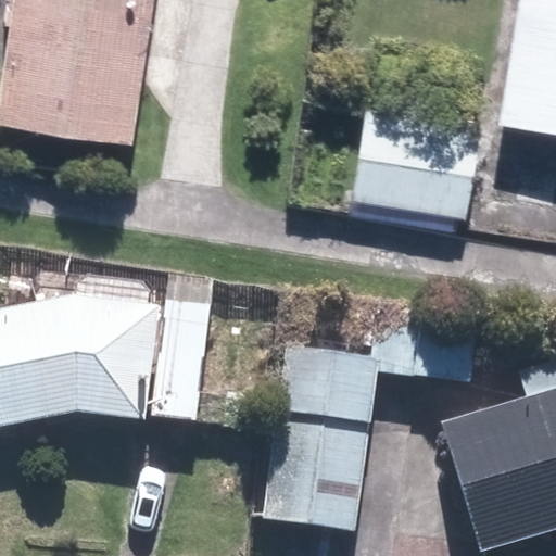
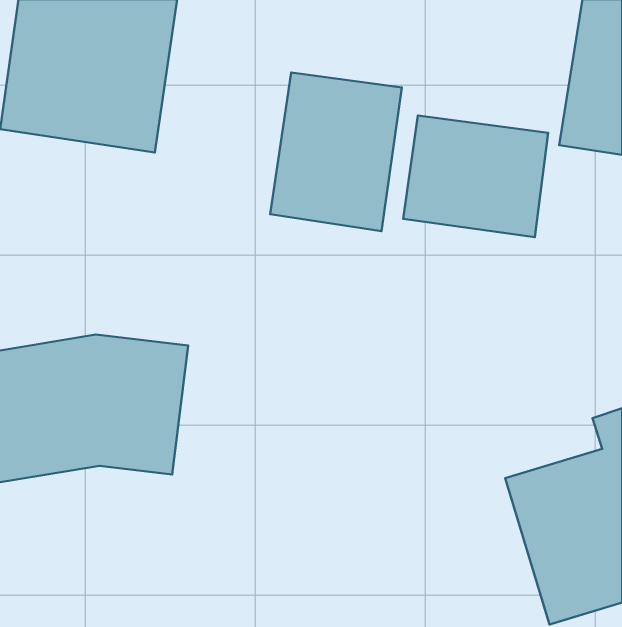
building: none -> [270,72,402,231]
building: [262,309,482,531] -> none

